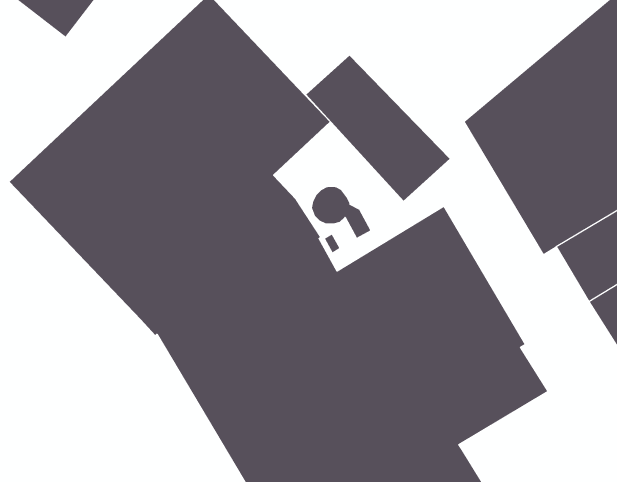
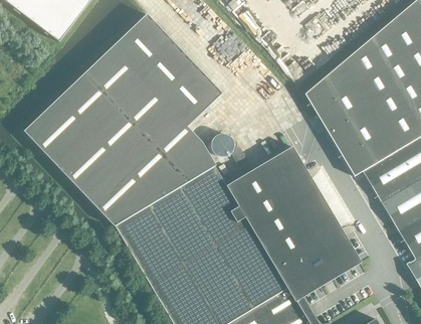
building: [305,55,451,201] -> none

